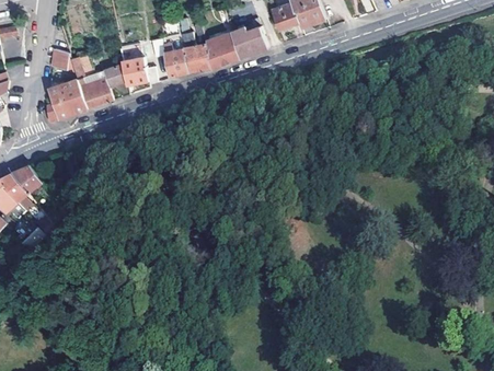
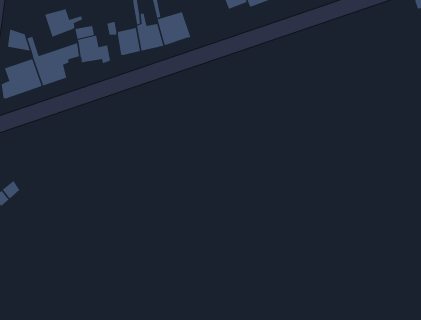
building: [231,26,267,58] -> none
building: none -> [44,9,83,38]

